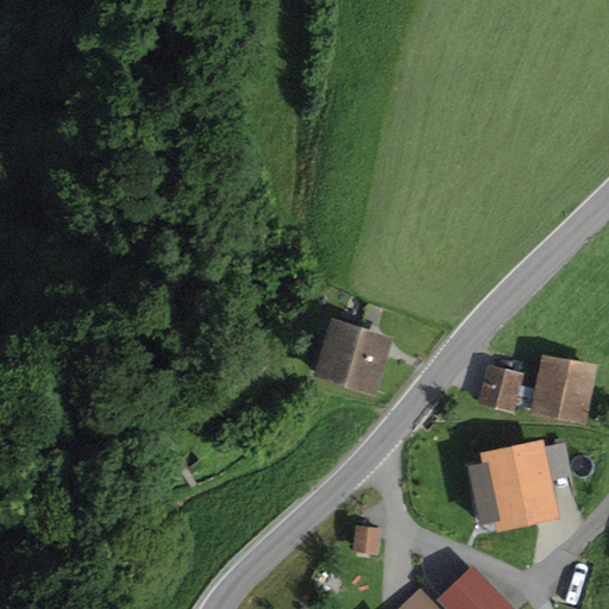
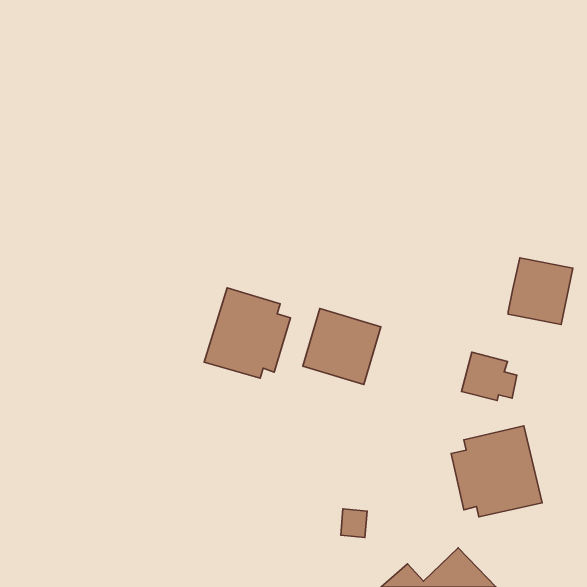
building: none -> [204,288,290,378]
building: [529,356,596,425] -> [508,258,573,325]

